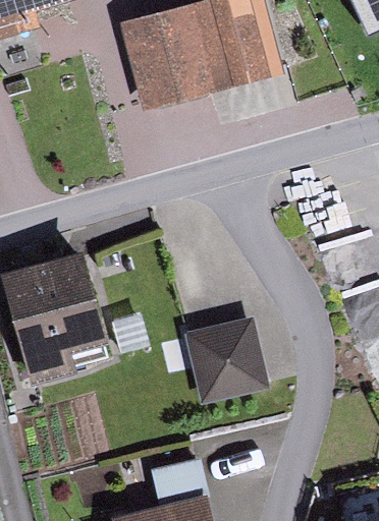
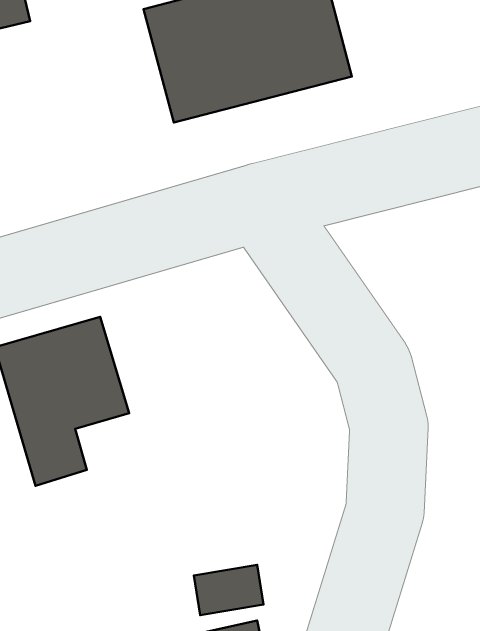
building: [188,321,261,404] -> none

